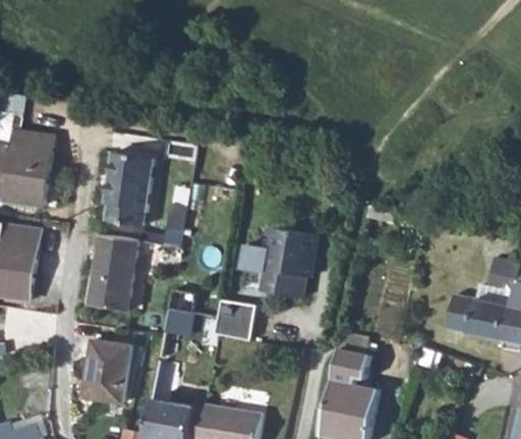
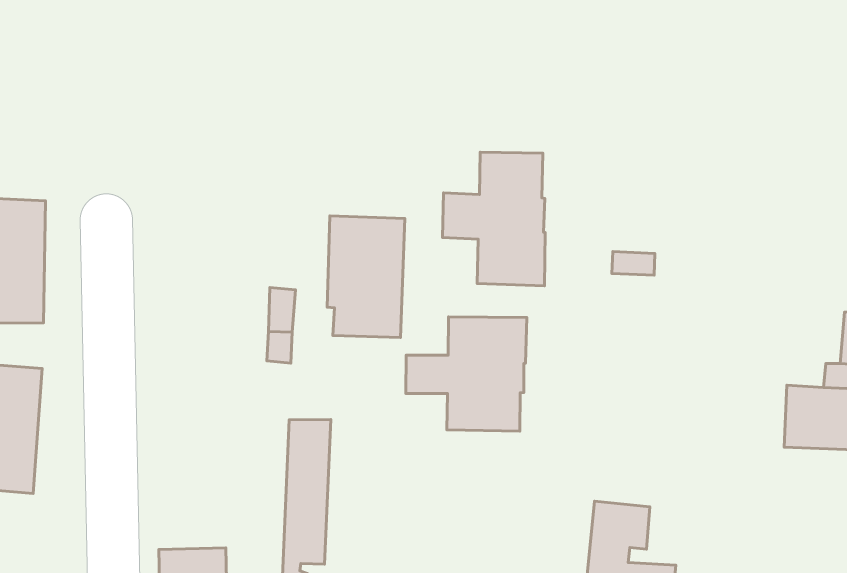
building: none -> [442,152,545,286]
building: [108,150,158,223] -> [327,216,405,337]
building: [91,231,141,310] -> none
building: [215,303,255,340] -> none

